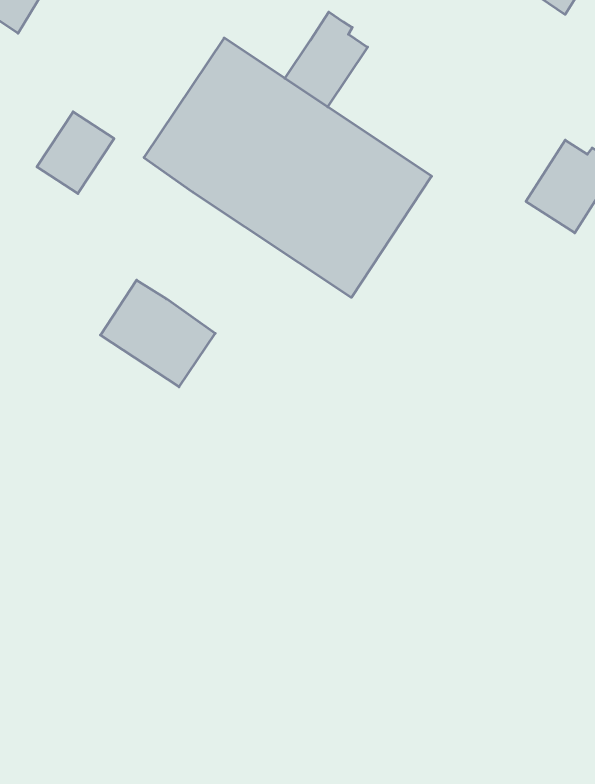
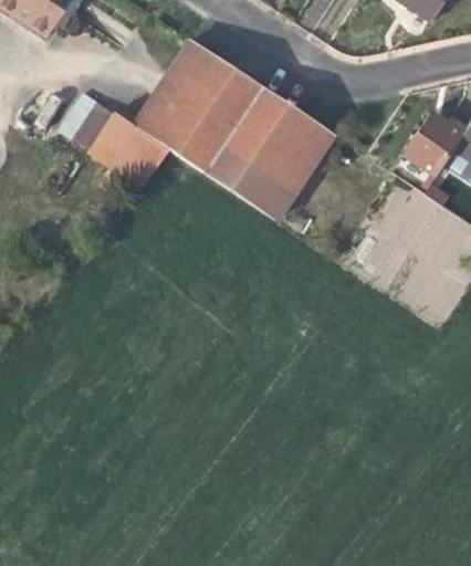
building: [285,12,368,107] -> none
building: [100,280,215,387] -> [87,109,168,185]

